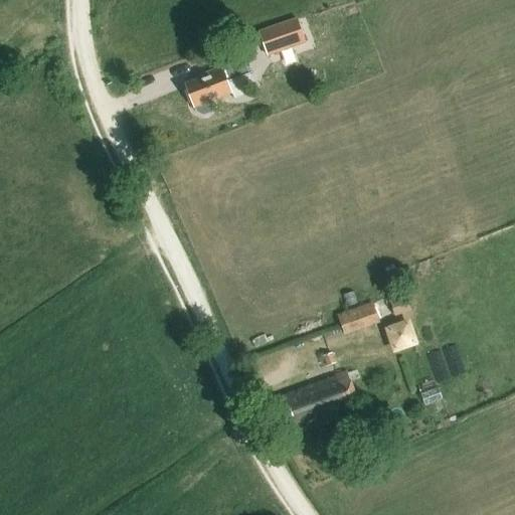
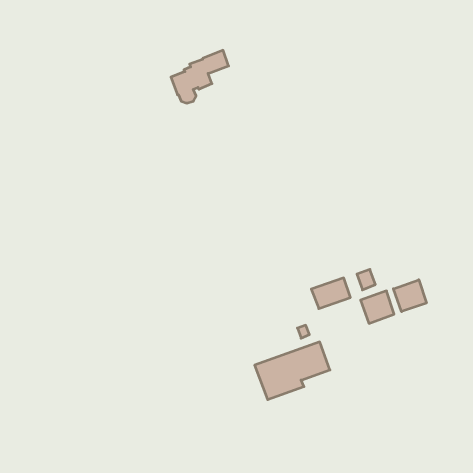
building: [259,18,306,57] -> none
building: none -> [393,280,426,312]

